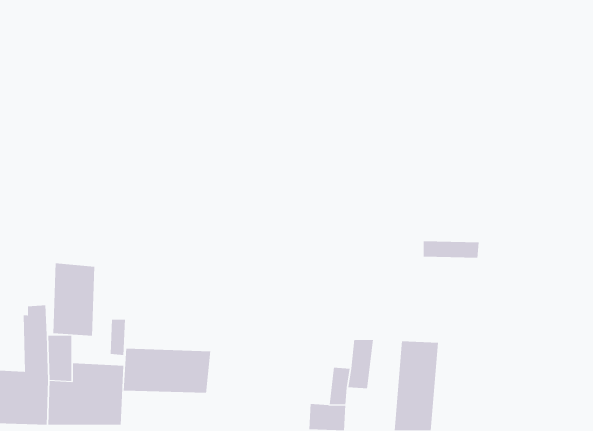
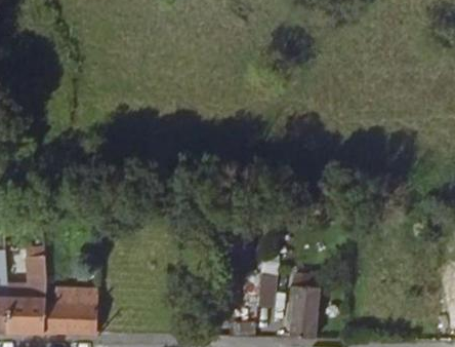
building: [53,262,95,336] -> none
building: [123,348,211,394] -> none

